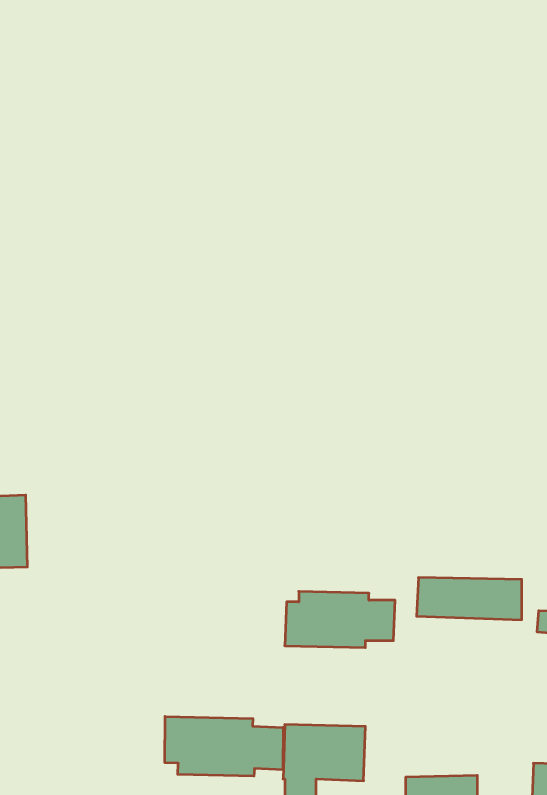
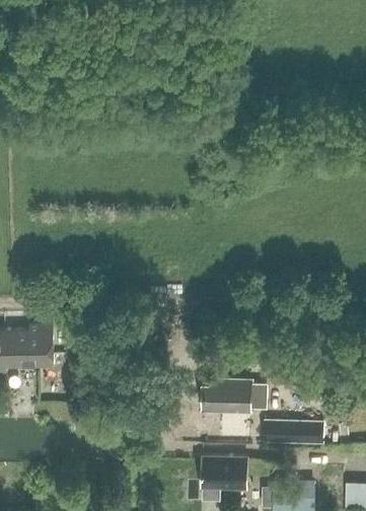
building: [417,578,522,620] -> [263,419,323,443]
building: [165,716,283,776] -> none

